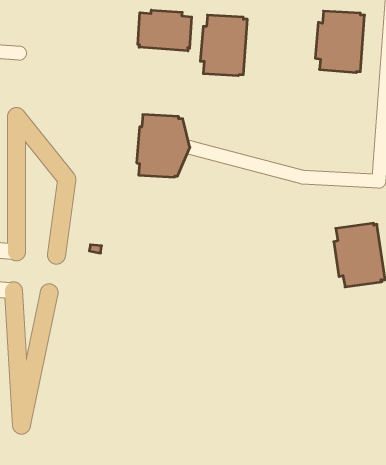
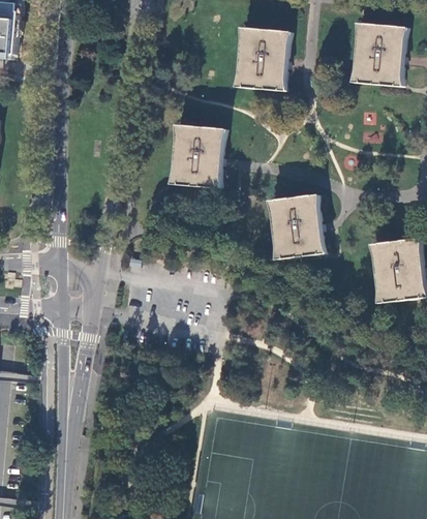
building: [138,10,192,51] -> none
building: none -> [270,194,319,258]

